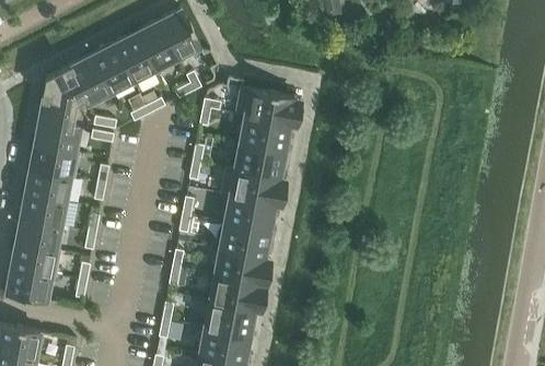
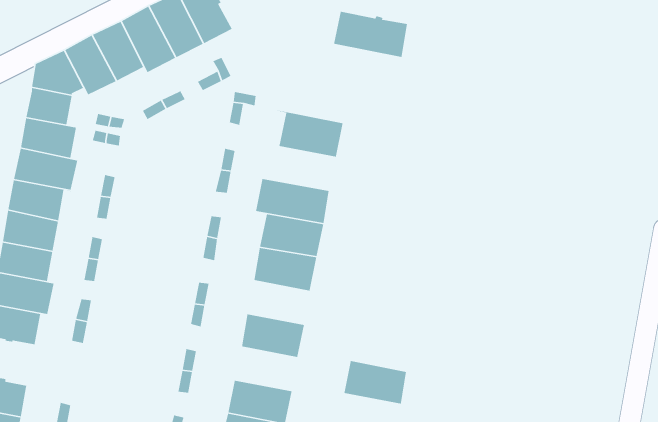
building: [235,87,294,125] -> [333,11,408,58]
building: [225,143,285,178] -> none
building: [213,249,264,284] -> none
building: [204,302,254,337] -> [343,360,407,405]

